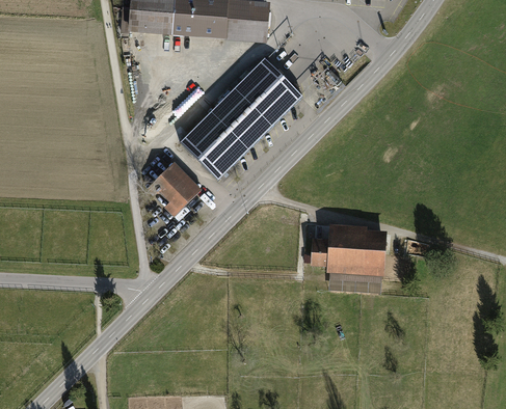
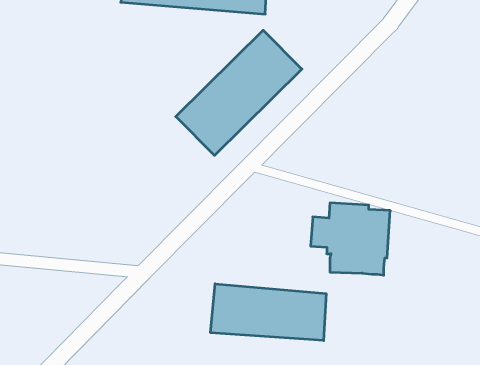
building: [153,162,203,217] -> none
building: none -> [211,284,326,341]

